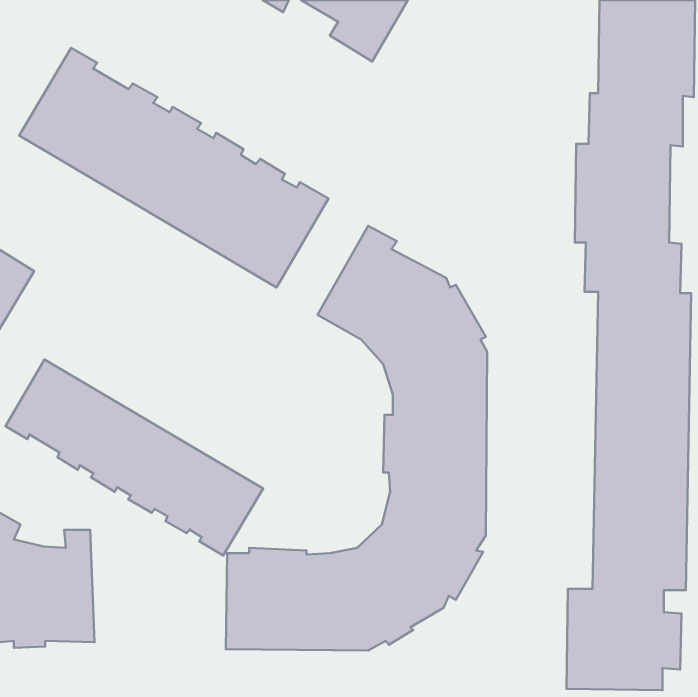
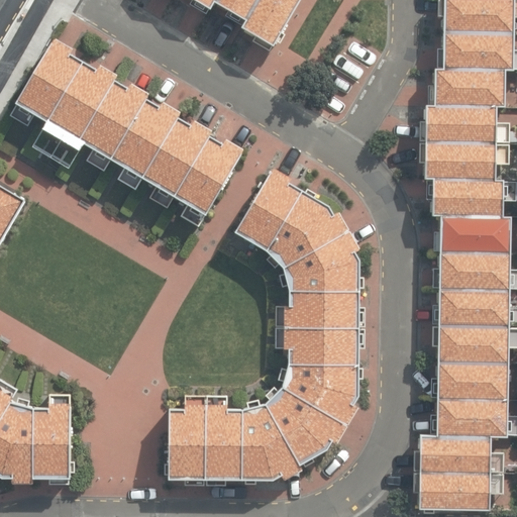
building: [6,359,263,556] -> none

